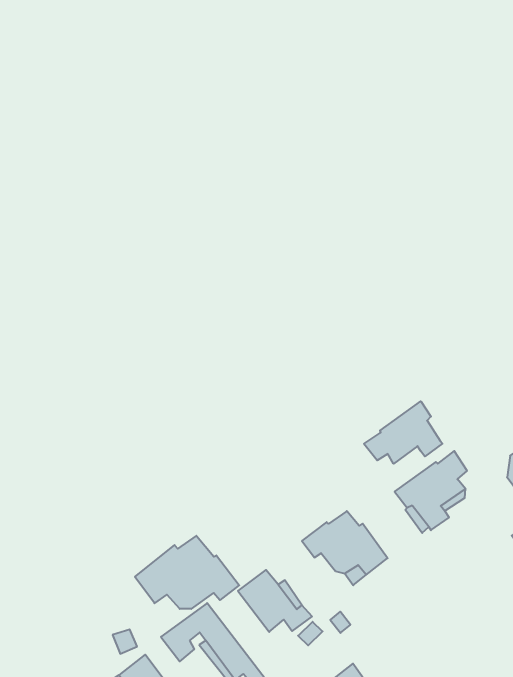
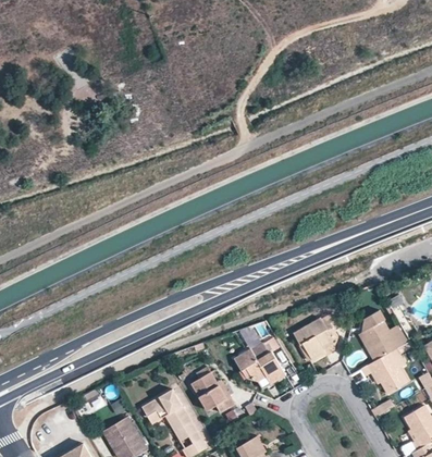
building: [364,401,442,464] -> none
building: [135,536,239,609] -> none

